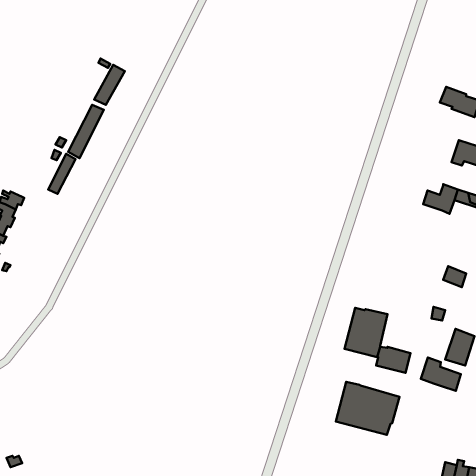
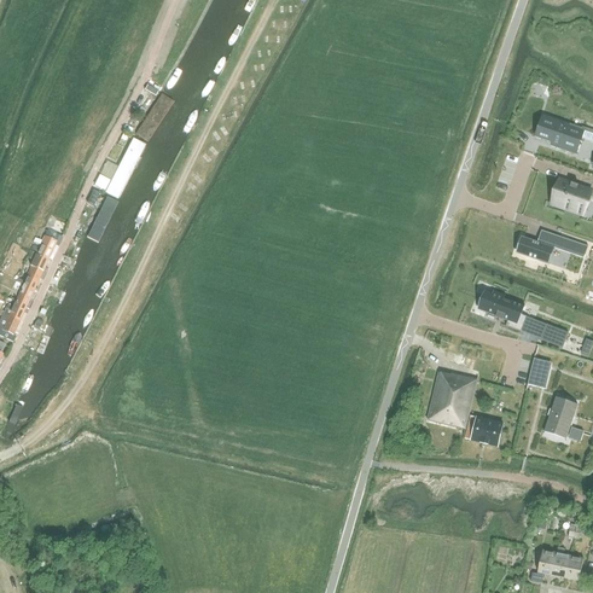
building: none -> [477,289,525,330]
building: [421,358,461,391] -> none
building: [336,382,400,435] -> none

